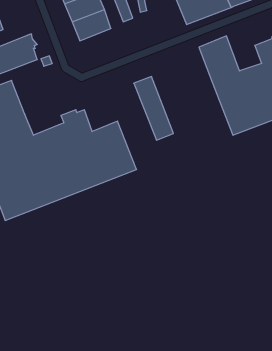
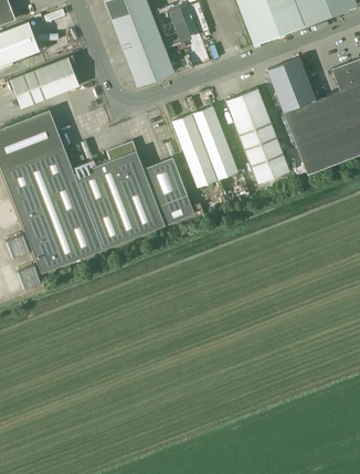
building: none -> [128,49,173,86]
building: none -> [225,87,288,182]
building: none -> [171,113,218,188]

